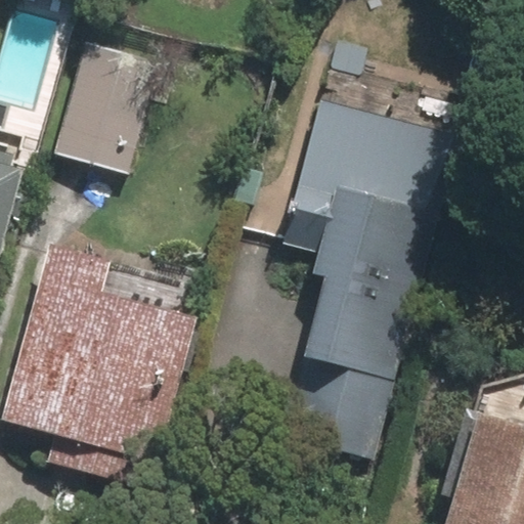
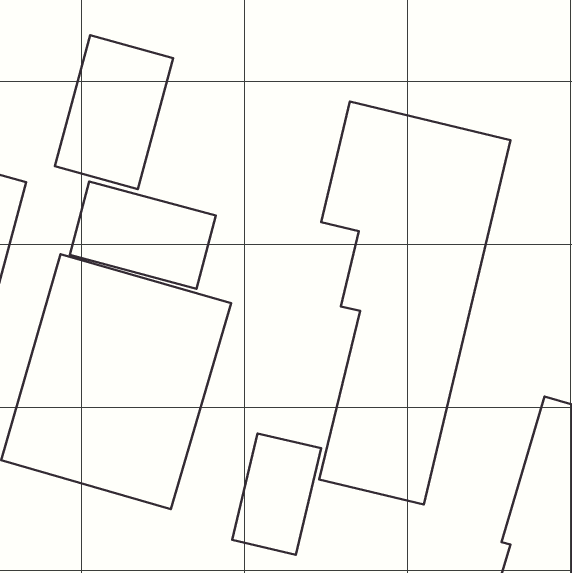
building: none -> [70,181,216,289]
building: none -> [232,433,321,555]

